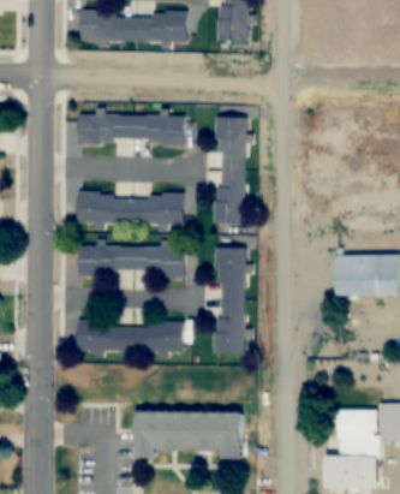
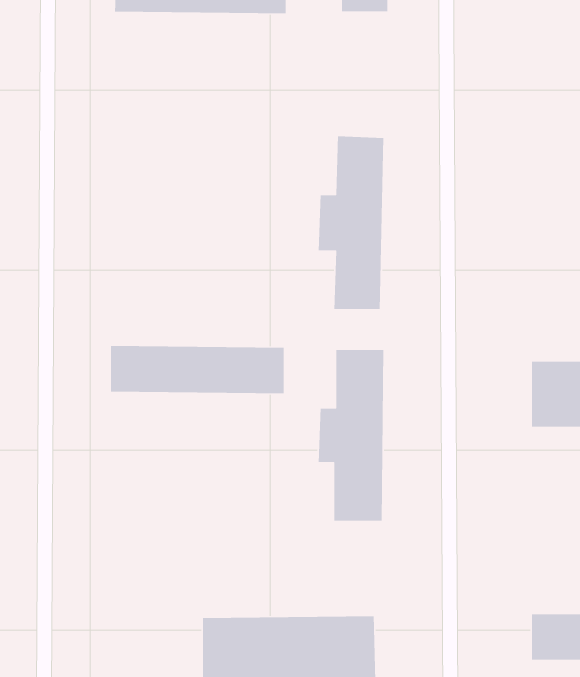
building: [79,114,185,143] -> none
building: [78,194,184,226] -> none
building: [78,322,184,352] -> none

